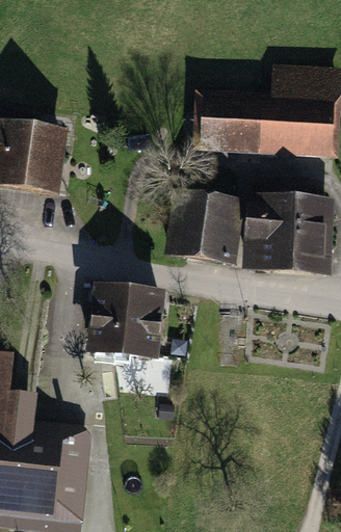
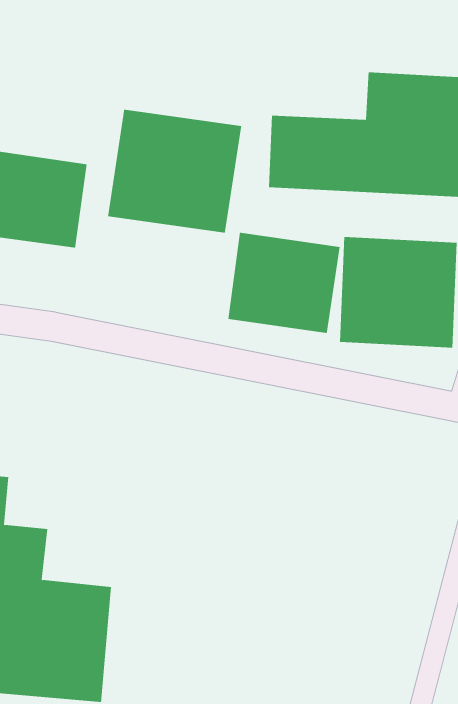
building: none -> [107,109,242,234]
building: [88,289,168,362] -> none

